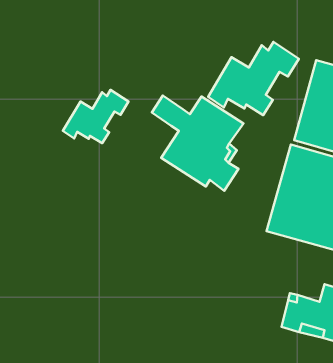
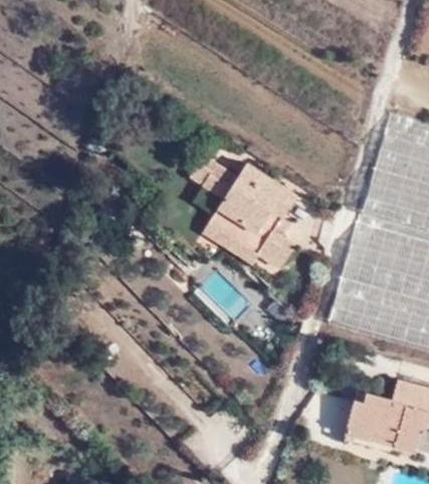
building: [208,42,299,115] -> none
building: [63,90,129,143] -> none

